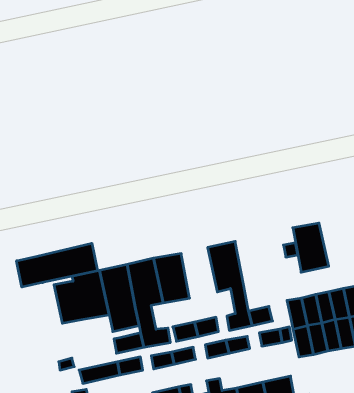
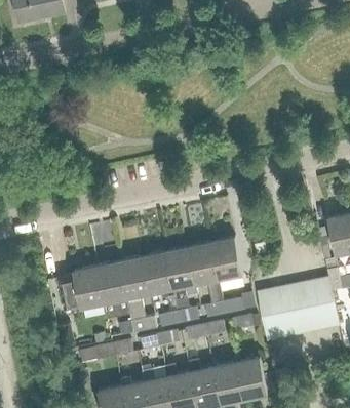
building: [293,223,329,272] -> [212,237,243,279]
building: [17,243,98,287] -> none
building: none -> [166,246,197,296]

